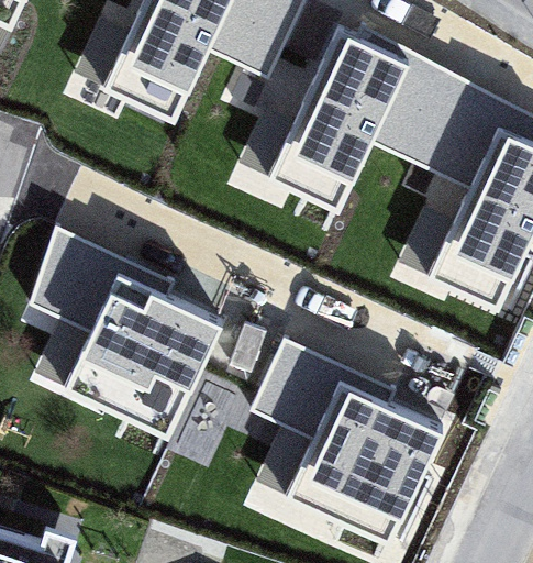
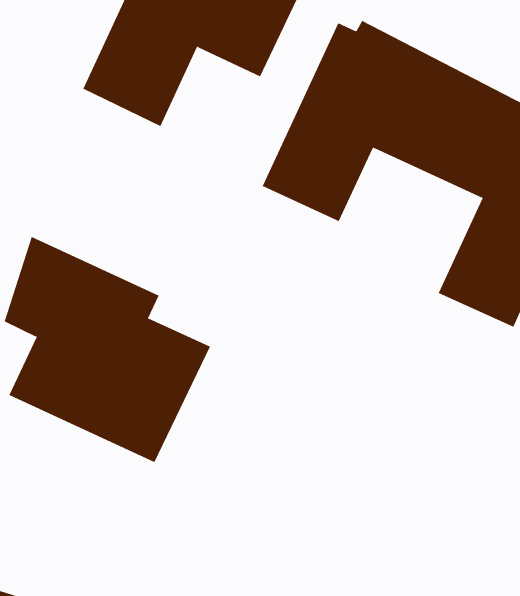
building: [251,338,440,543] -> none

